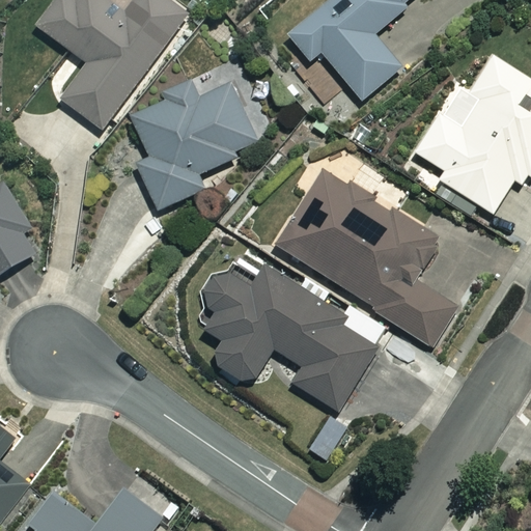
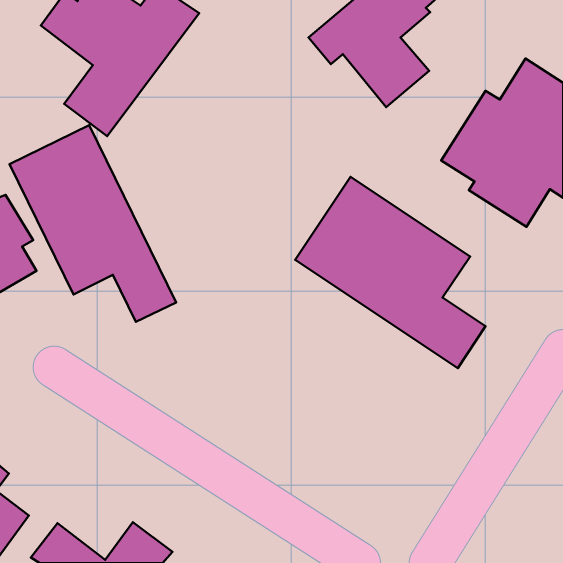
building: [132,82,258,211] -> none
building: none -> [10,125,176,322]
building: [202,267,378,410] -> none

